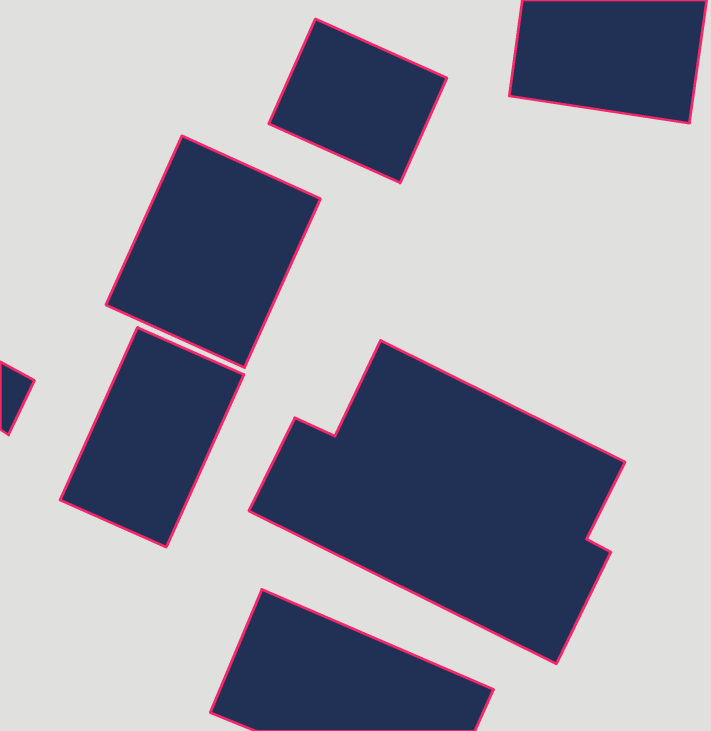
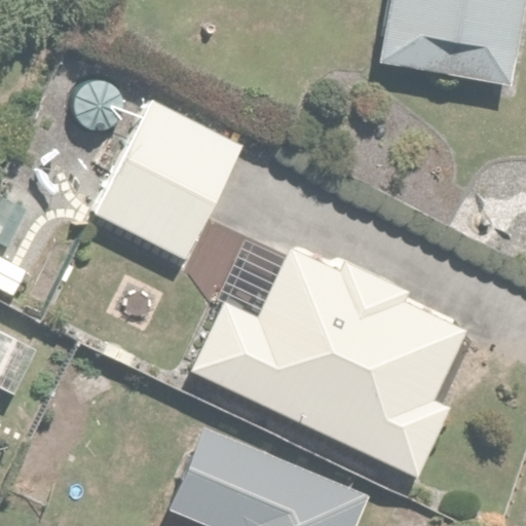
building: [269,19,447,183] -> none
building: [60,327,244,547] -> none

